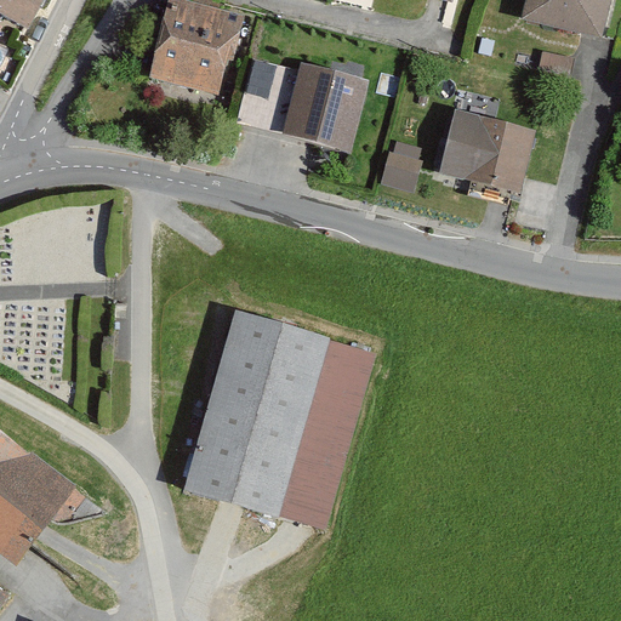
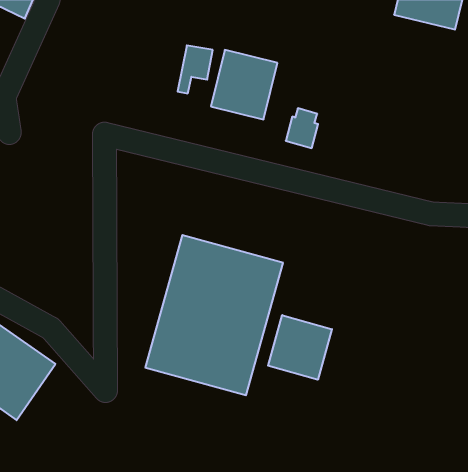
building: [154,5,241,91] -> none
building: [433,114,530,198] -> none
building: none -> [268,315,332,380]

